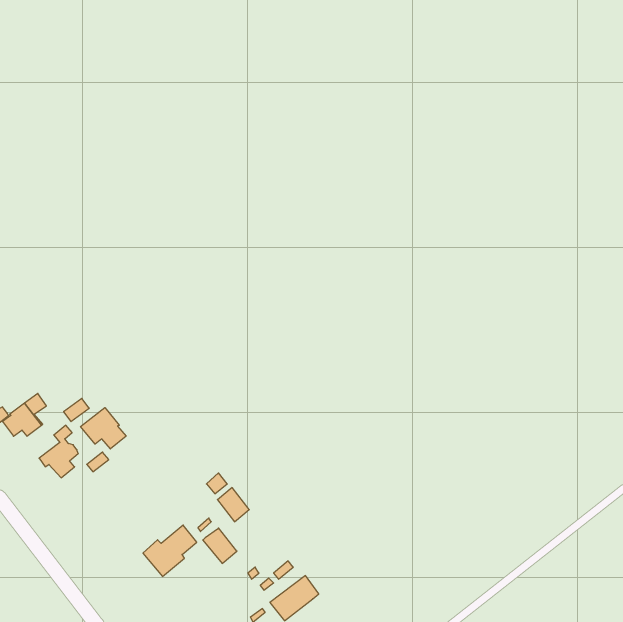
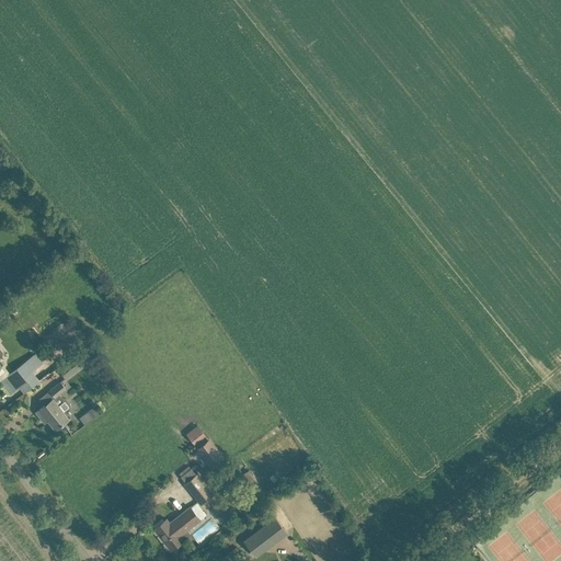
building: [81,408,126,449] -> none
building: [143,525,197,576] -> [152,506,201,552]

